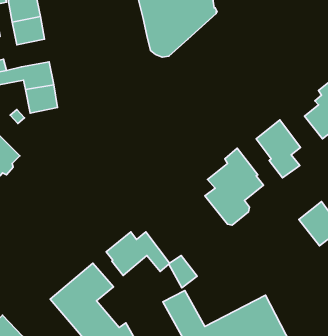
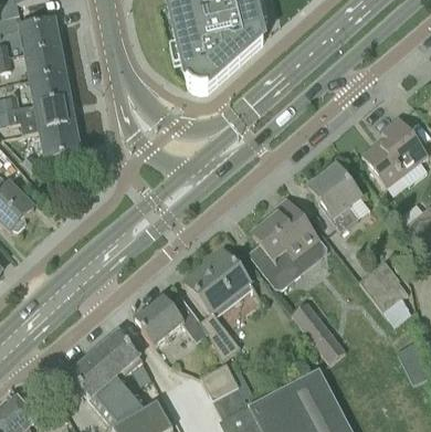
building: none -> [31,71,69,103]
building: none -> [185,249,251,313]
building: none -> [292,302,347,363]

